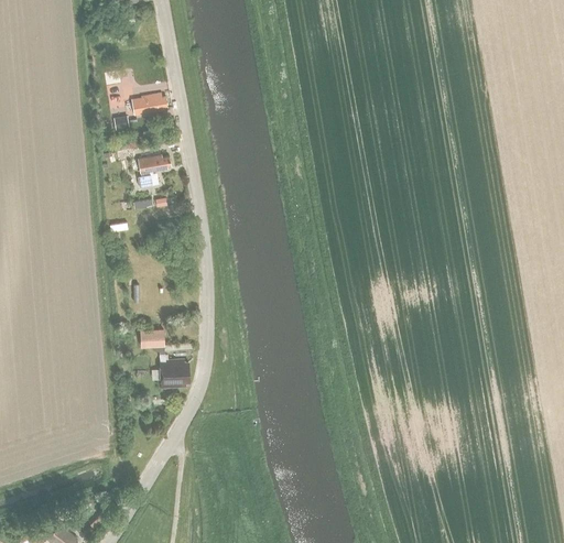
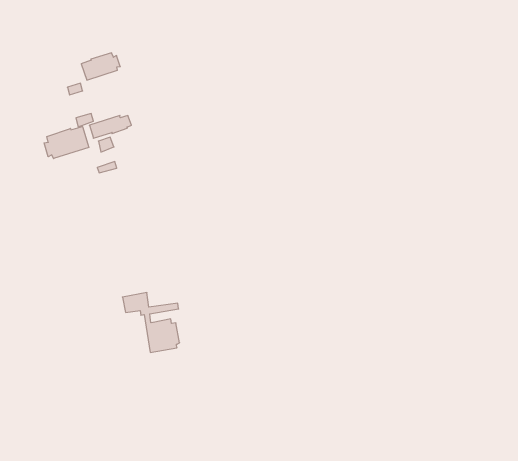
building: none -> [44,127,89,159]

